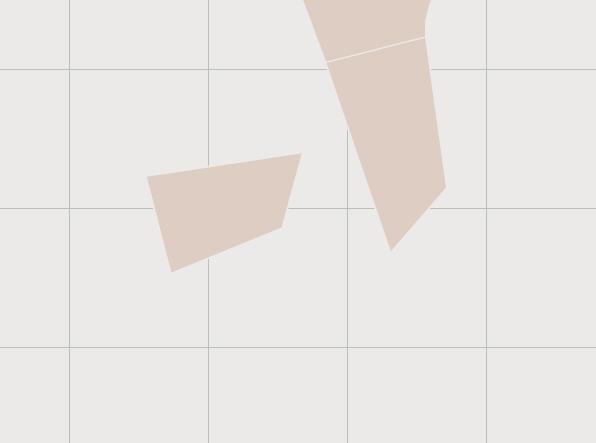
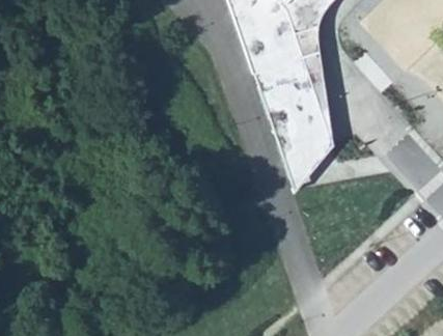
building: [146,153,303,273] -> none

